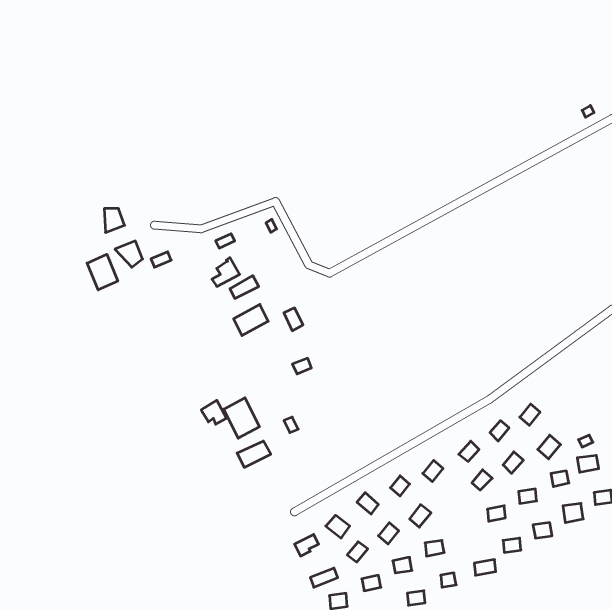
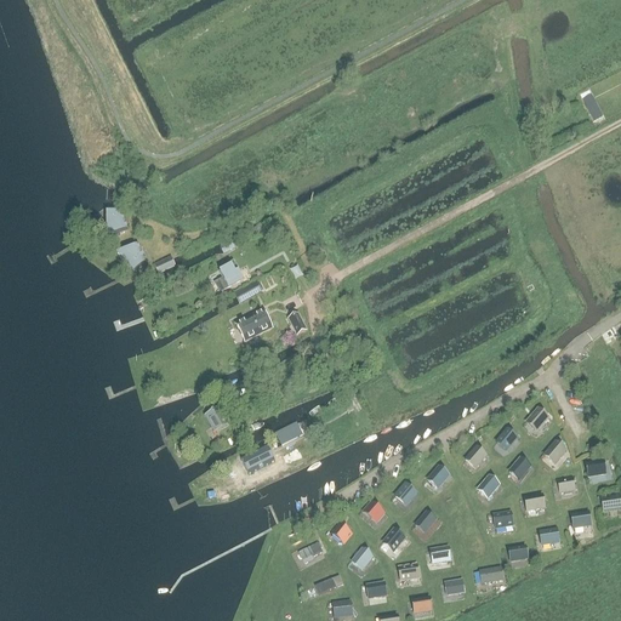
building: [87,254,118,290] -> none
building: [224,398,259,438] -> none

